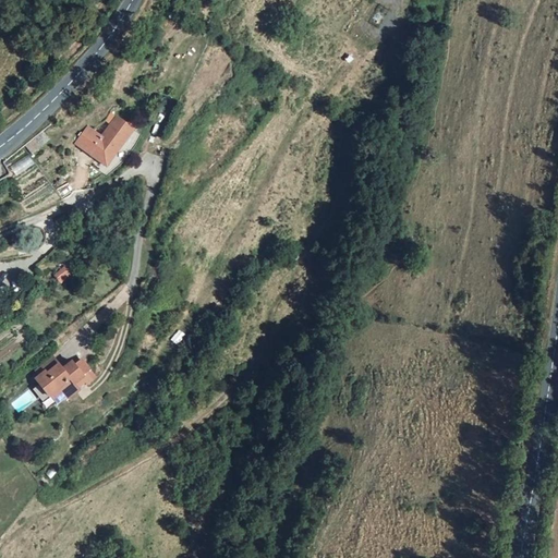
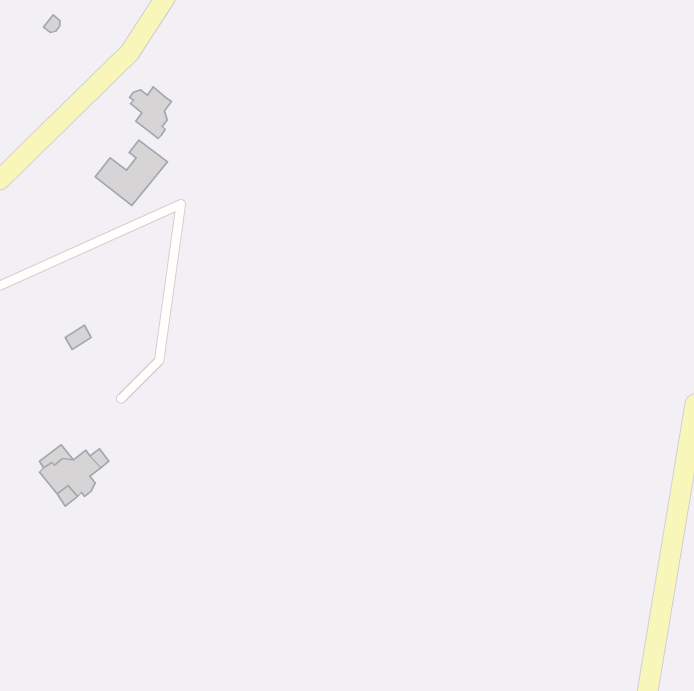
building: none -> [130,87,171,139]

